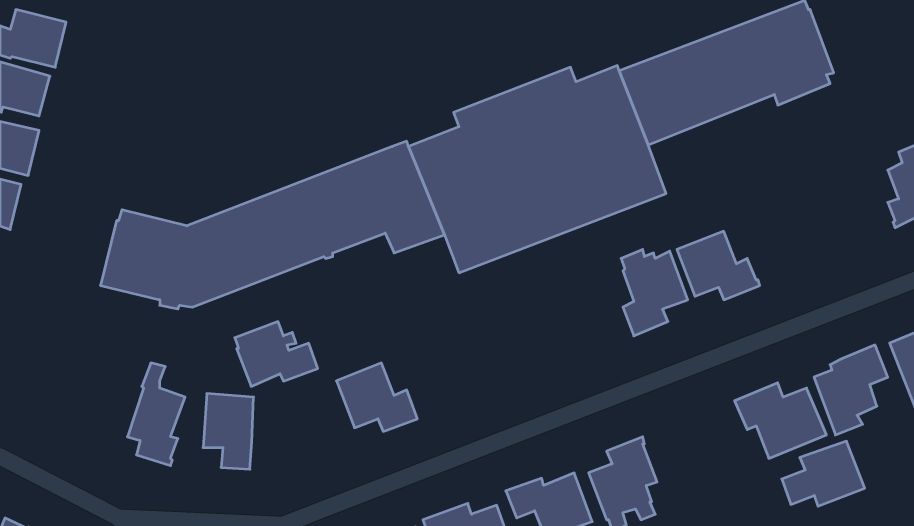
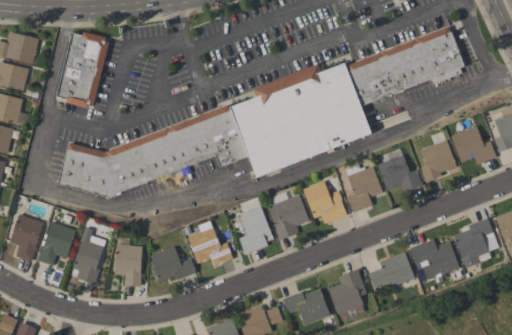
building: none -> [56,32,109,109]
building: none -> [451,126,496,165]
building: none -> [420,140,457,182]
building: none -> [303,181,346,224]
building: none -> [267,192,309,241]
building: none -> [239,198,273,254]
building: [235,322,318,386] -> [150,247,196,283]
building: none -> [9,215,43,262]
building: none -> [37,222,76,266]
building: [782,441,865,506] -> [369,253,415,289]

